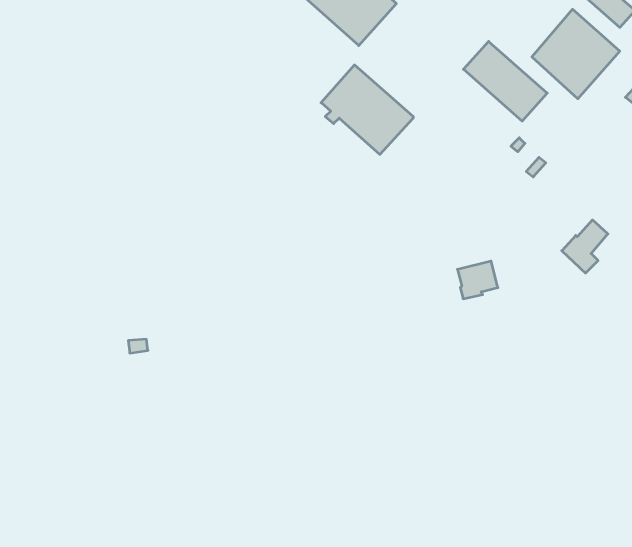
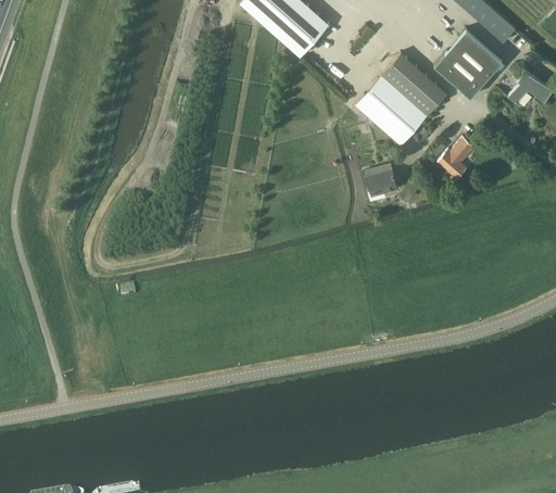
building: [321,65,413,154] -> [355,75,427,144]
building: [562,220,608,273] -> [438,138,473,179]
building: [457,261,498,299] -> [366,172,397,201]

